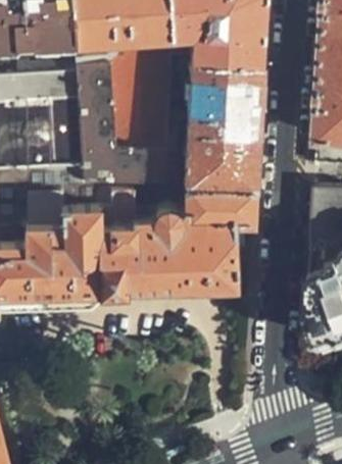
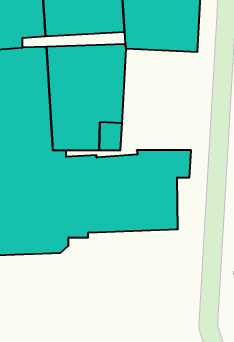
building: [184,66,261,192] -> none

